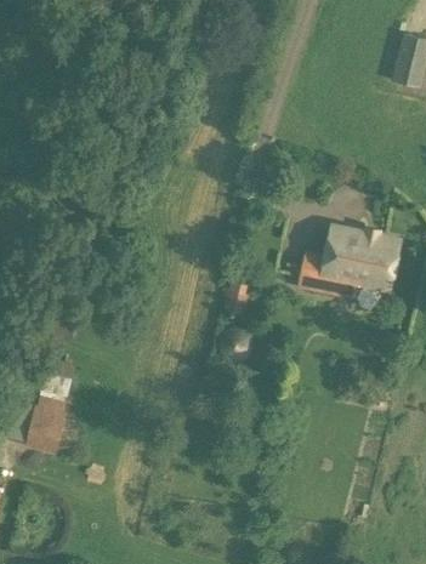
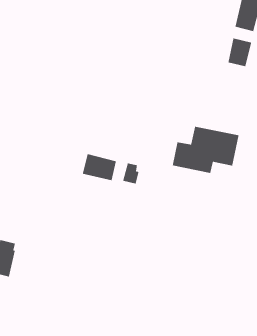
building: none -> [227,37,252,67]
building: none -> [82,153,117,181]

